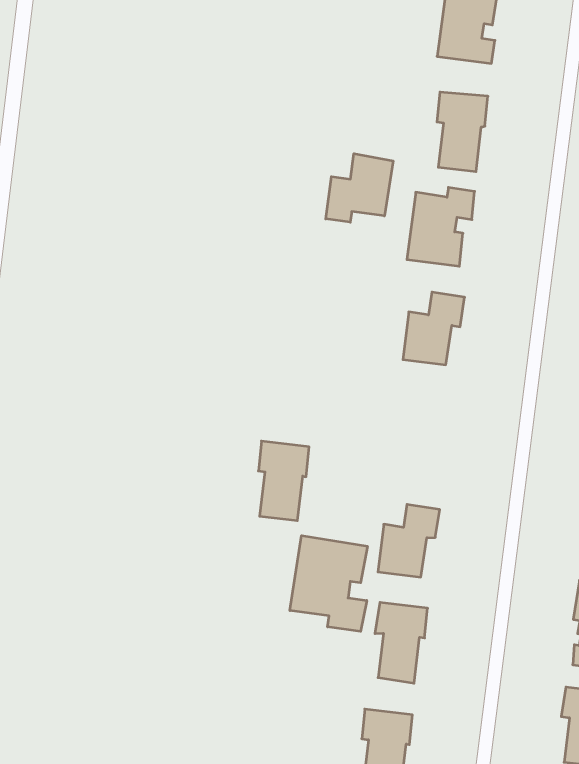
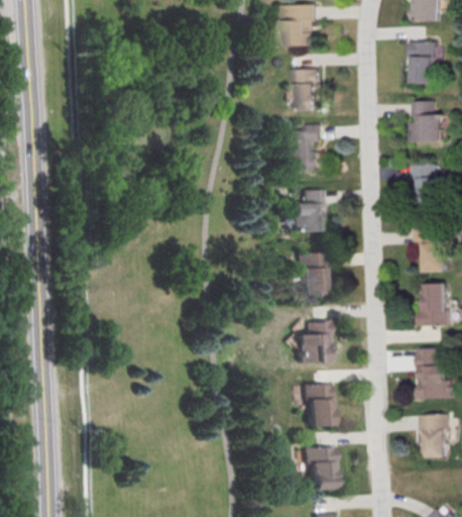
building: [326,154,393,222] -> none
building: [258,441,309,521] -> [295,251,325,298]
building: [290,536,367,631] -> none

